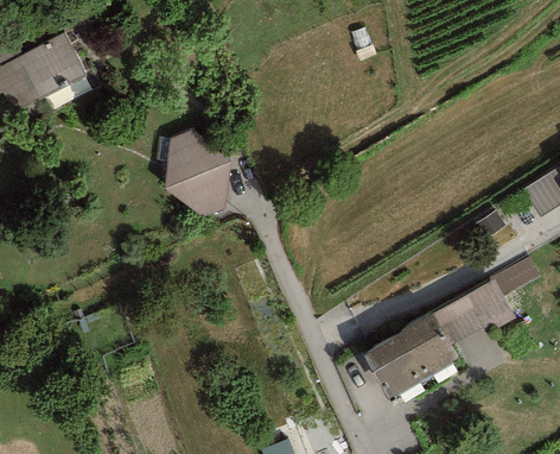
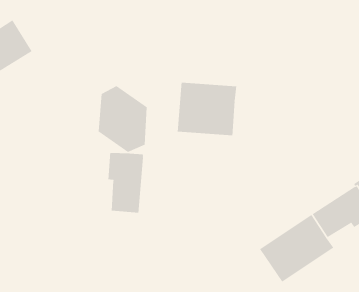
building: none -> [177,82,237,136]
building: none -> [108,152,143,213]

